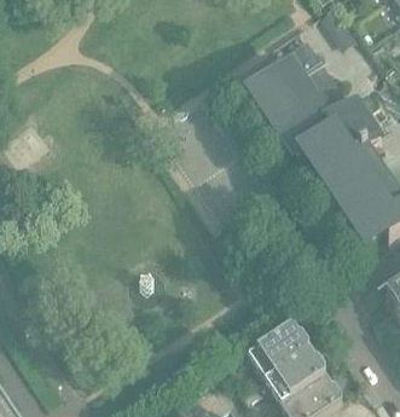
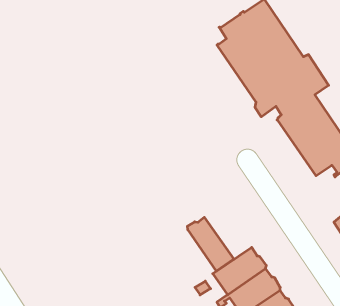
building: none -> [187,217,234,271]

